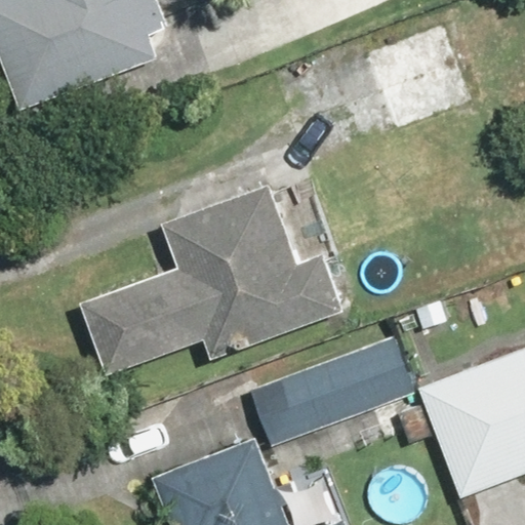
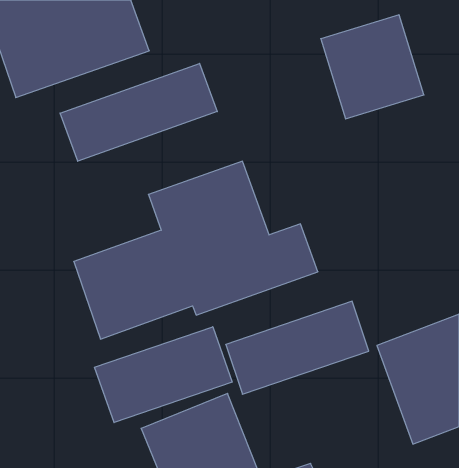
building: none -> [60,63,217,161]
building: none -> [95,327,232,423]

